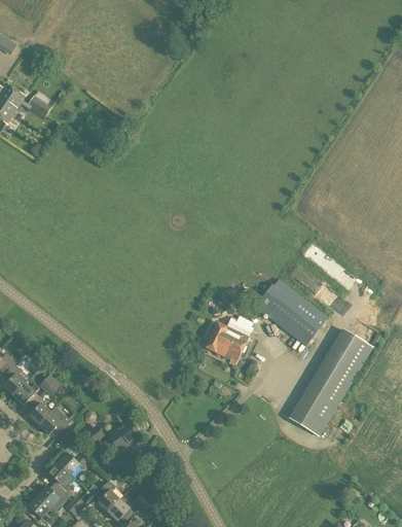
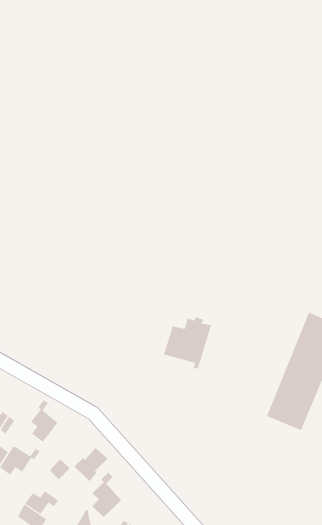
building: [252,278,328,346] -> none
building: none -> [30,399,58,442]
building: none -> [91,472,122,518]

